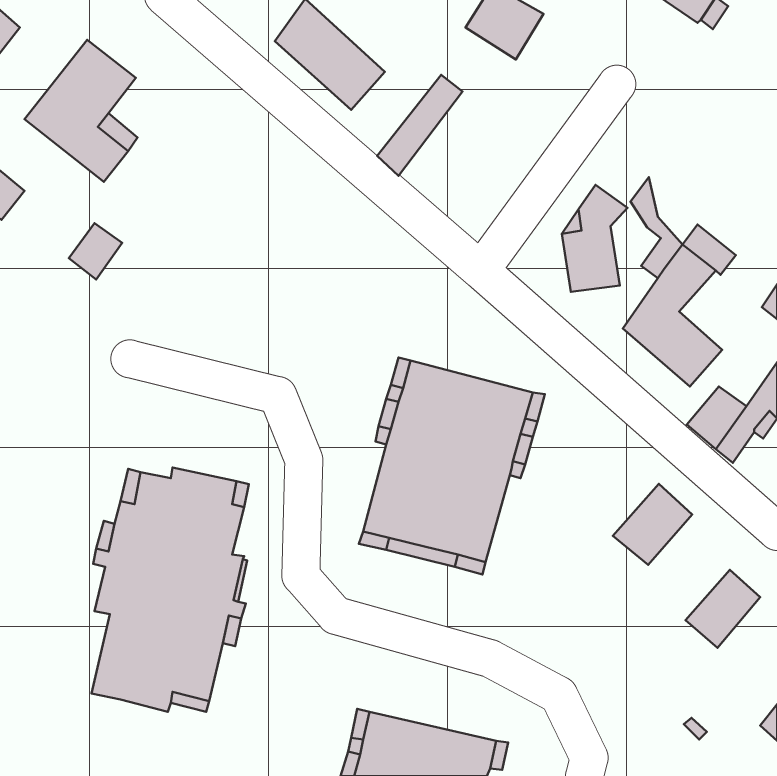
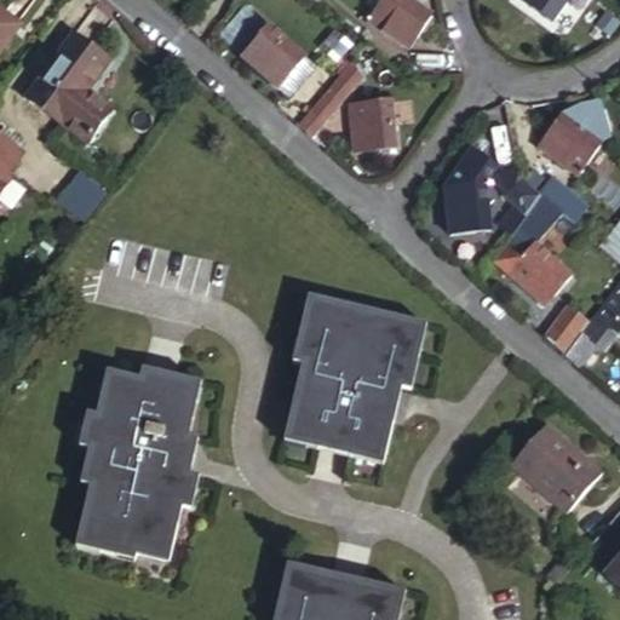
building: none -> [538,97,610,174]
building: none -> [354,99,396,153]
building: [613,484,692,565] -> [516,427,579,492]

